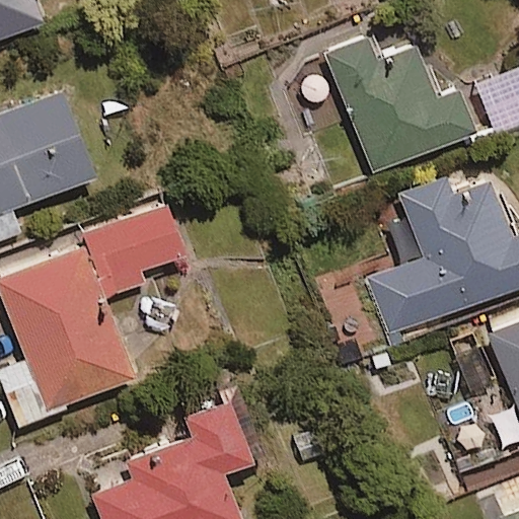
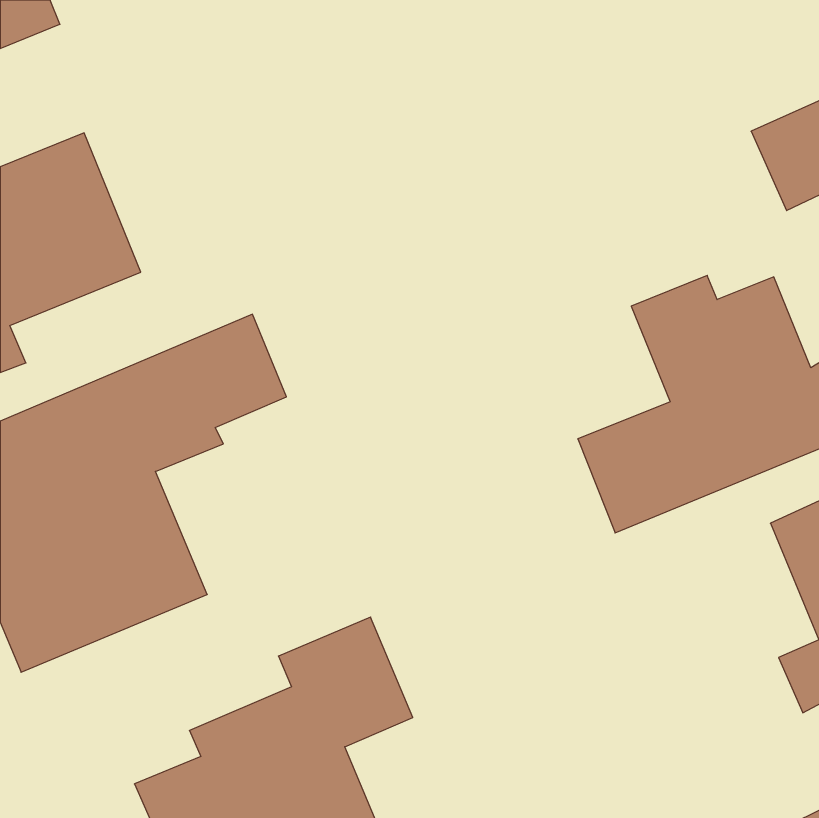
building: [324,32,476,173] -> none

